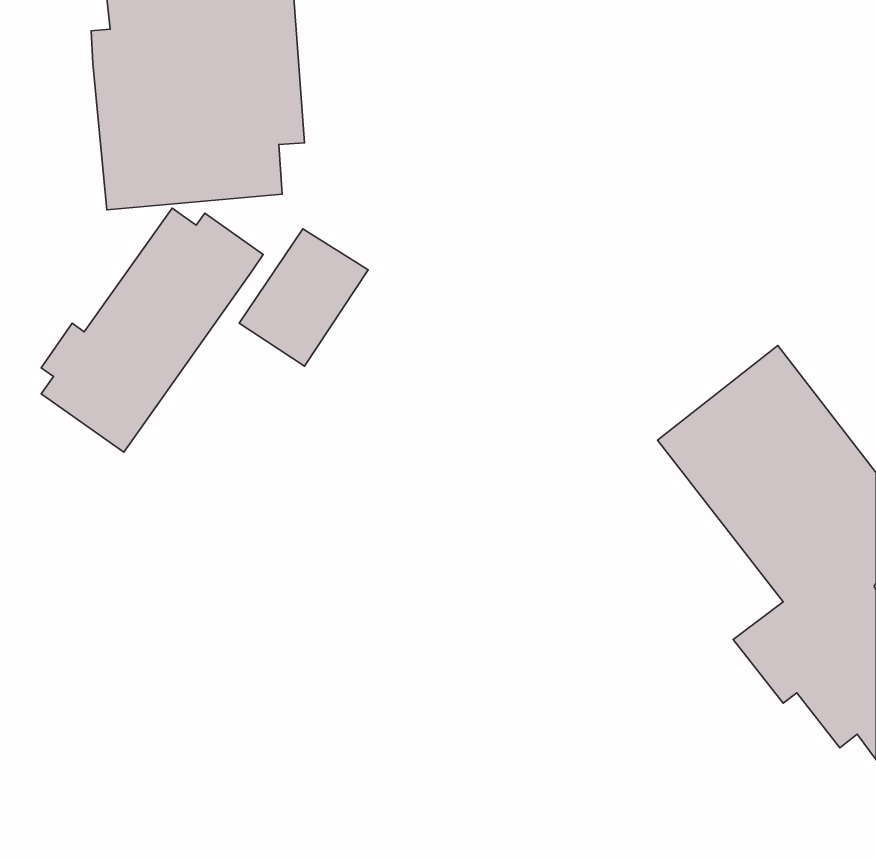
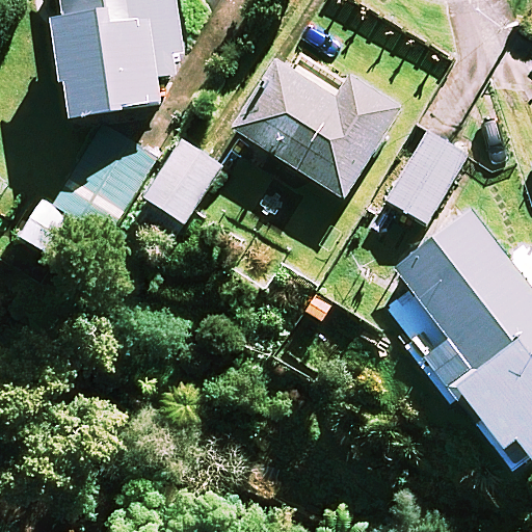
building: none -> [191,39,400,196]
building: none -> [389,129,468,221]

